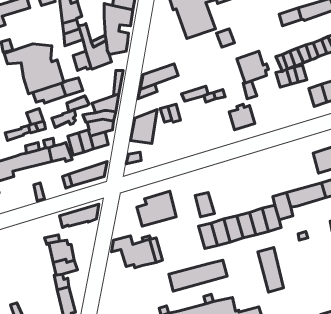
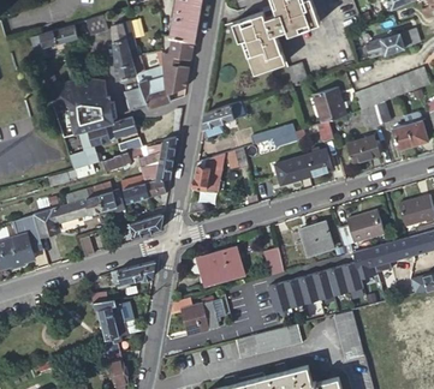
building: none -> [347,136,380,163]
building: none -> [275,156,309,185]
building: none -> [335,210,382,246]
building: none -> [297,221,328,253]

